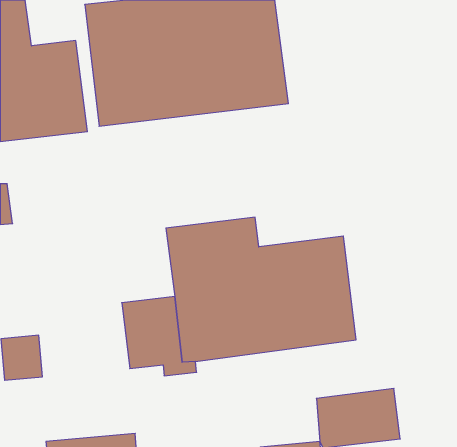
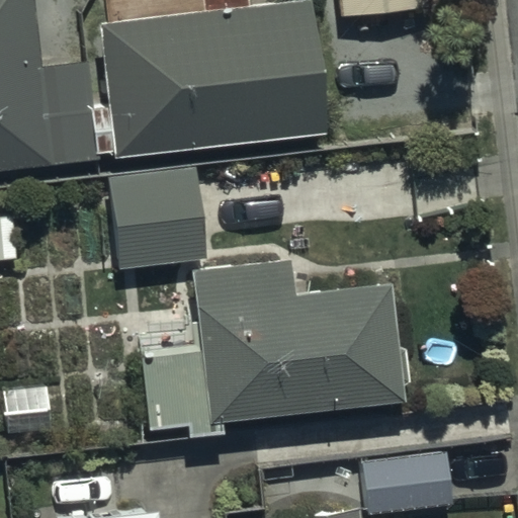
building: none -> [108,169,209,274]

